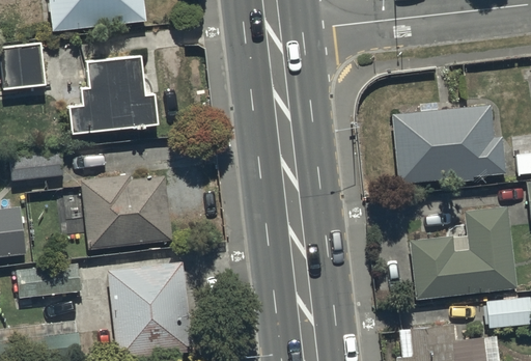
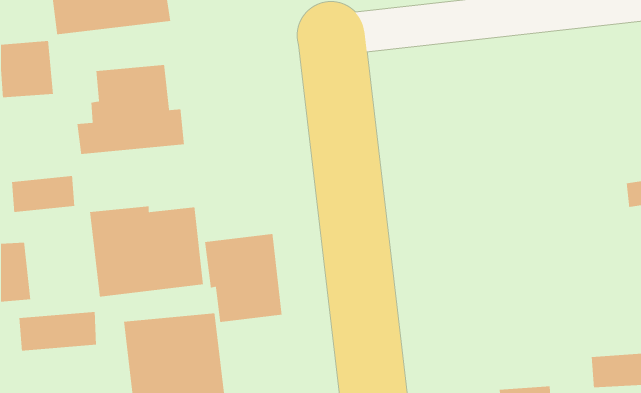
building: [394,105,506,184] -> none
building: none -> [204,233,282,323]
building: [410,206,519,299] -> none

